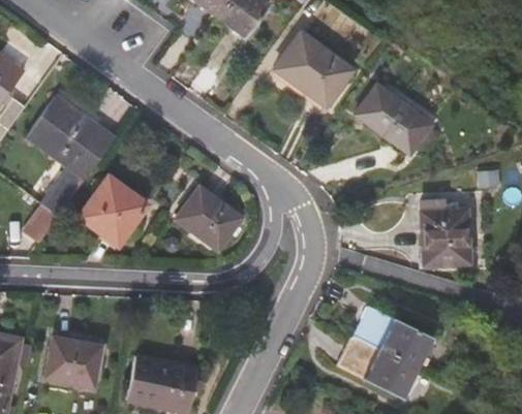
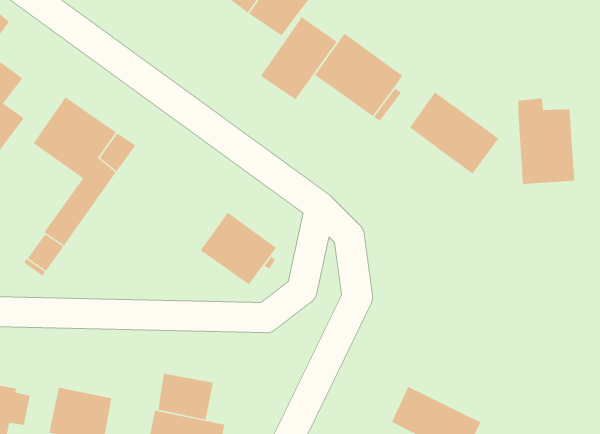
building: none -> [260,16,337,100]
building: [78,176,148,246] -> none
building: [420,191,469,265] -> [517,98,575,184]
building: [355,307,433,368] -> none
building: none -> [158,373,214,421]

